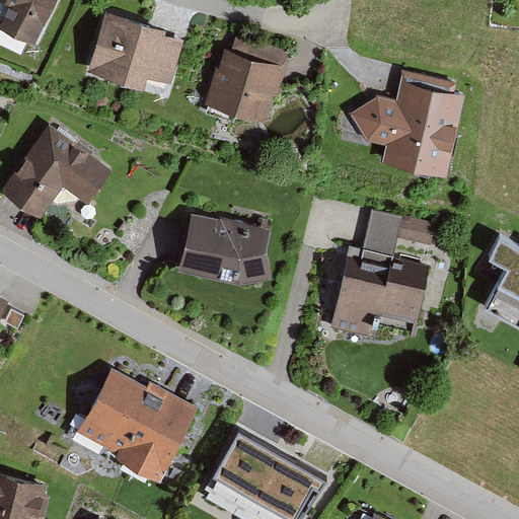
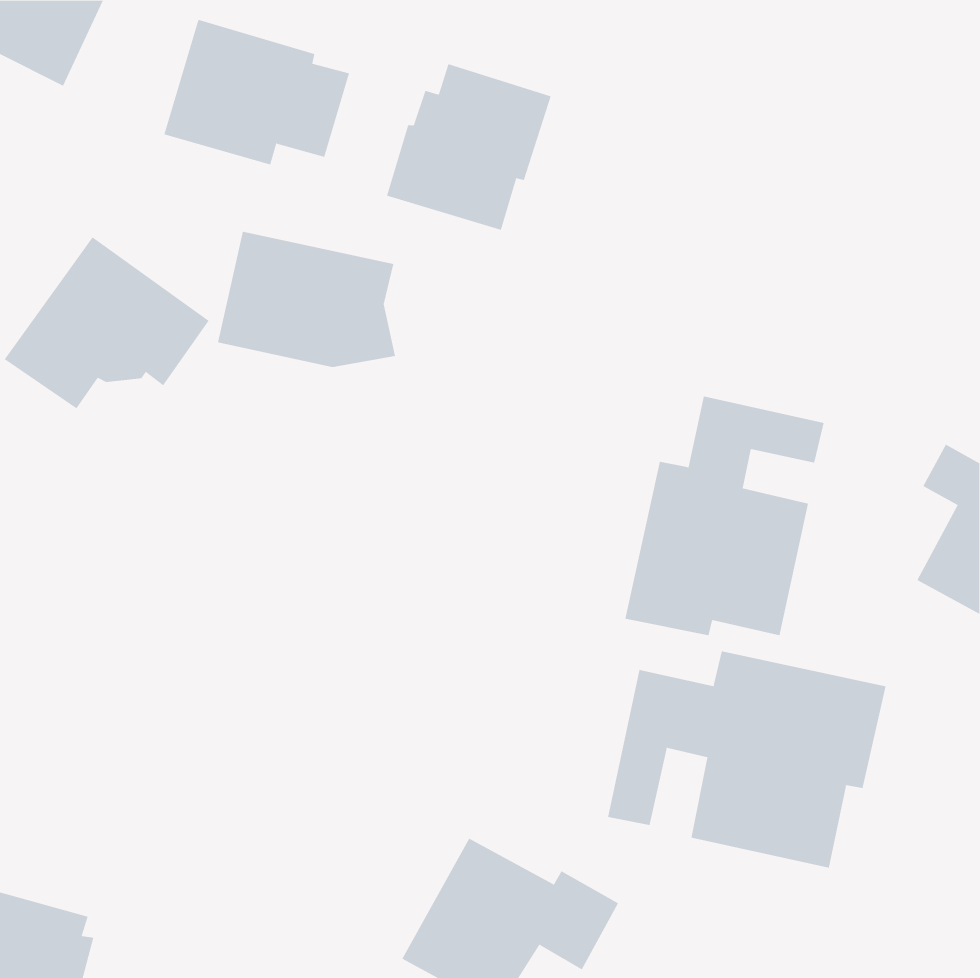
building: [348,71,465,178] -> none
building: [177,214,272,286] -> [217,231,396,368]
building: none -> [607,651,886,868]
building: [76,369,198,483] -> none

